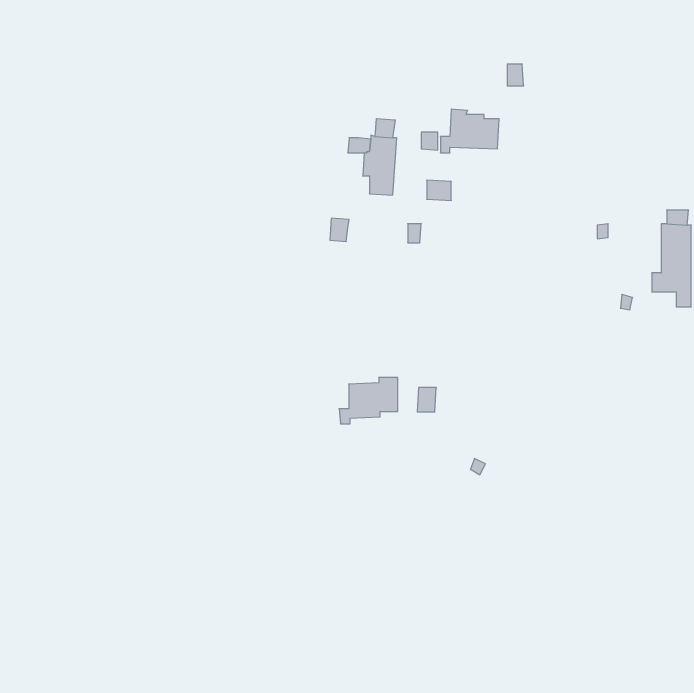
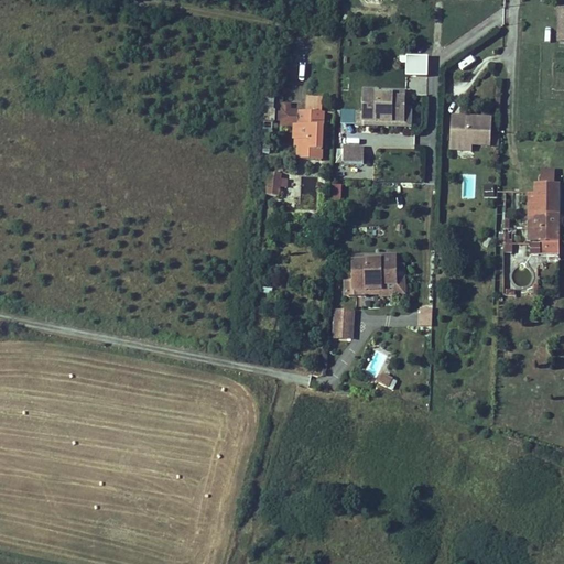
building: none -> [449,112,491,147]
building: [339,377,398,424] -> [348,257,395,294]

